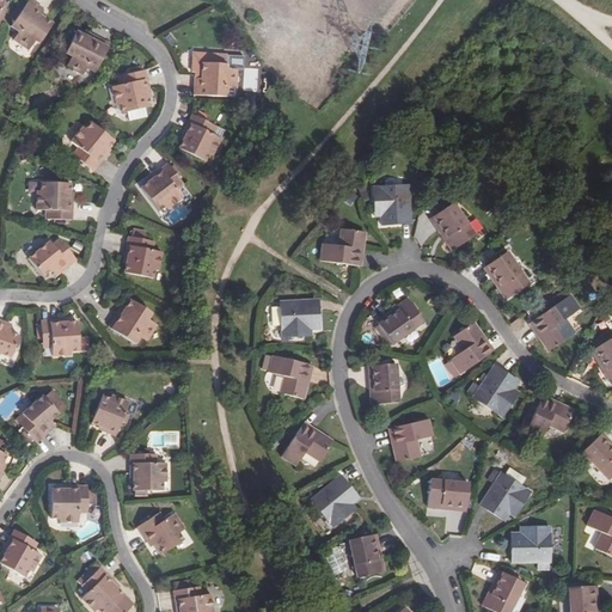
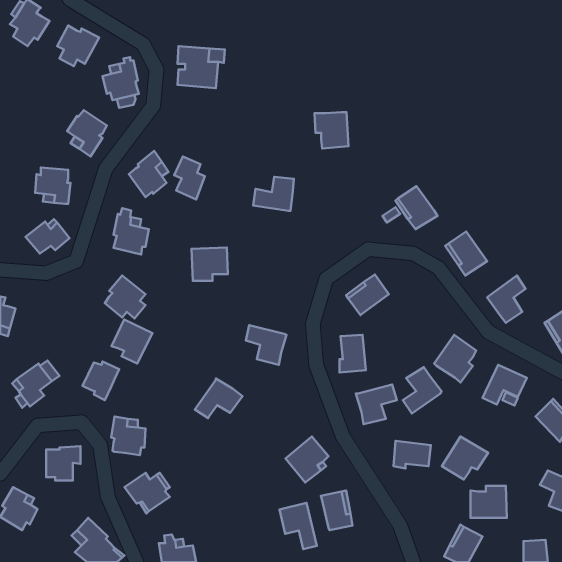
building: [185,108,219,154] -> [174,156,205,199]
building: [373,185,410,225] -> [314,112,349,148]
building: [320,228,365,265] -> [253,177,294,211]
building: [280,299,319,335] -> [192,248,228,281]
building: [41,317,80,355] -> none
building: [449,323,491,373] -> [403,367,441,413]
building: none -> [111,320,153,364]
building: [281,421,332,464] -> [195,379,242,418]
building: none -> [279,503,317,549]

